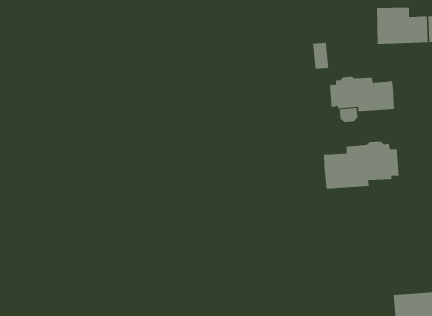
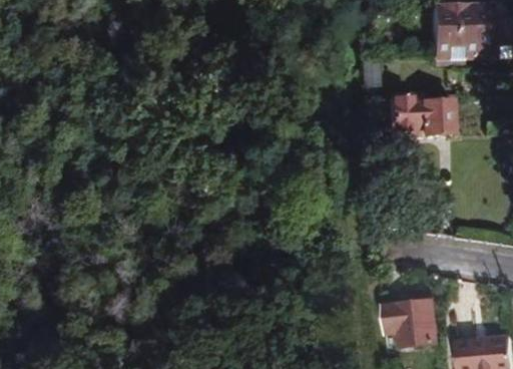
building: [323,141,399,190] -> none
building: none -> [384,296,438,348]

